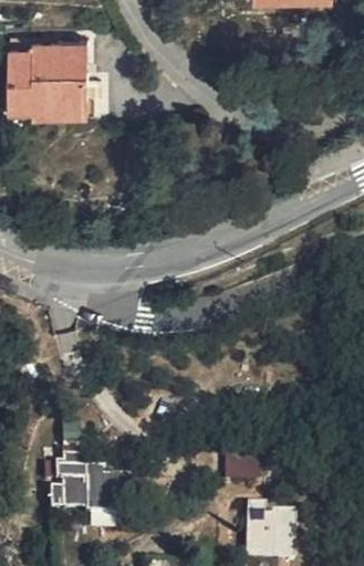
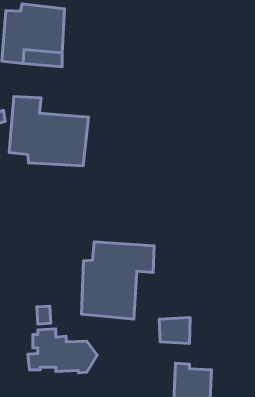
building: none -> [9,96,89,166]
building: none -> [82,242,154,319]

